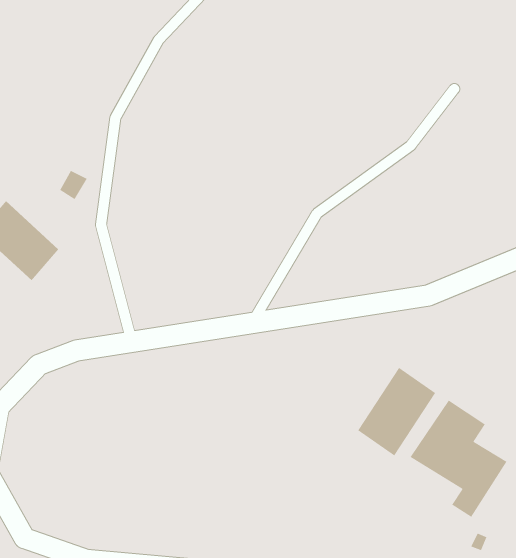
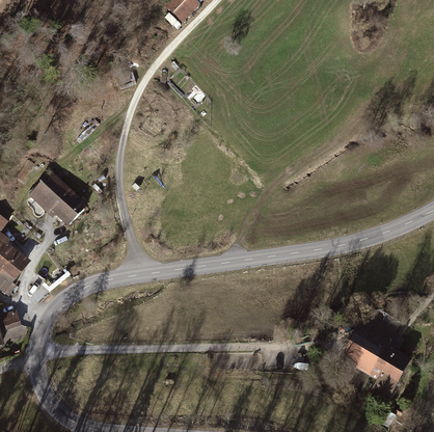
building: [357,367,436,456] -> none

